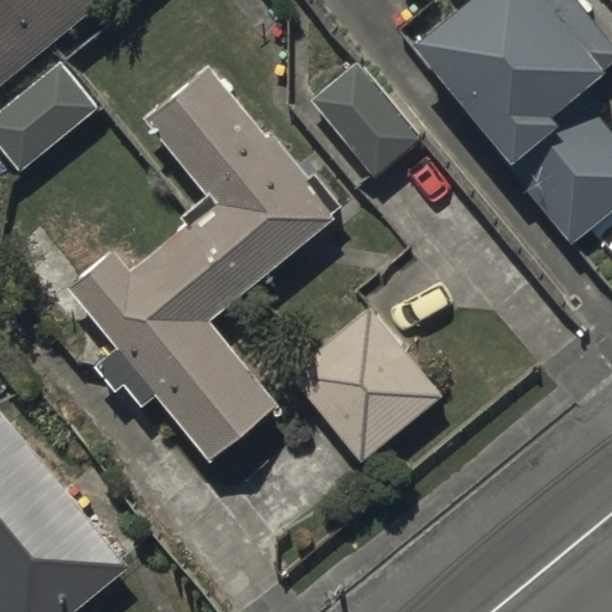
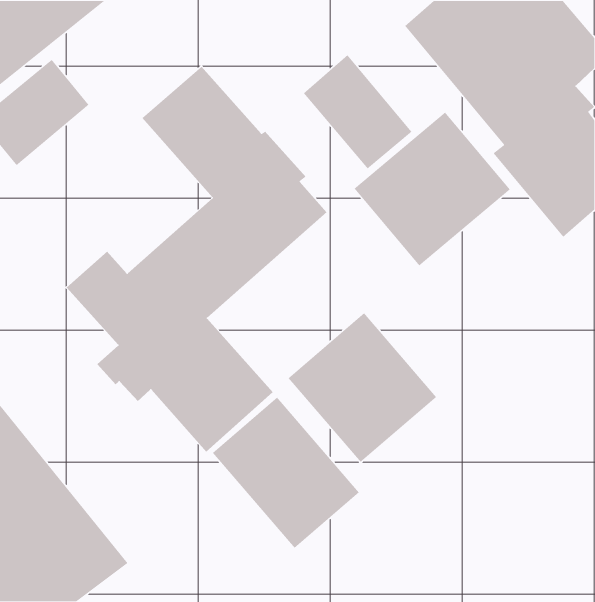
building: none -> [354,111,511,267]
building: none -> [212,397,360,549]

